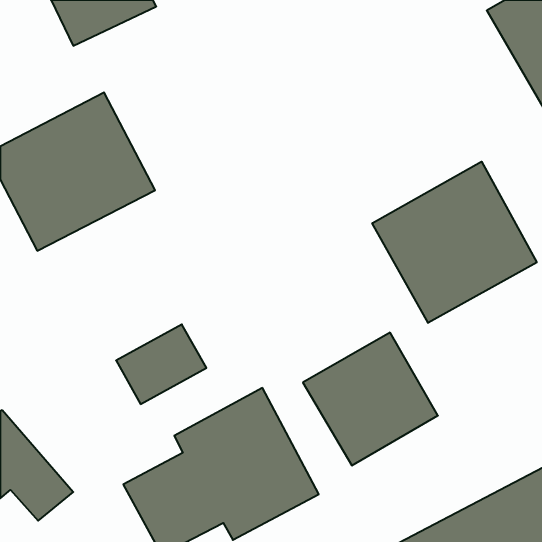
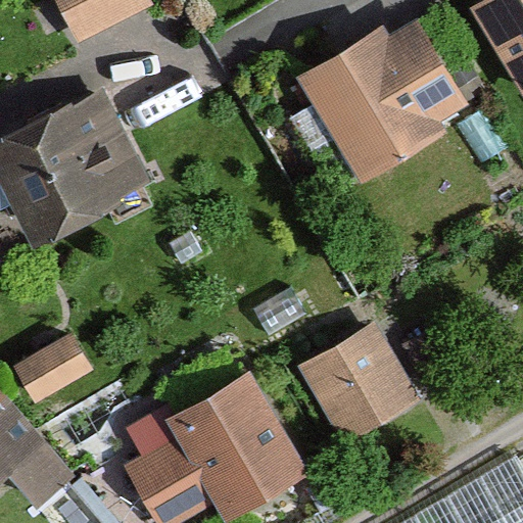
building: none -> [297,9,483,185]
building: [372,162,537,323] -> none
building: [116,324,206,404] -> [5,328,92,405]

